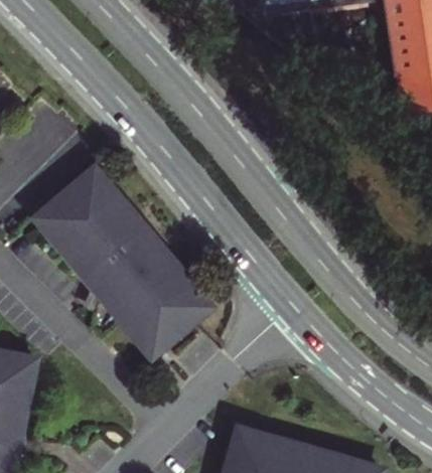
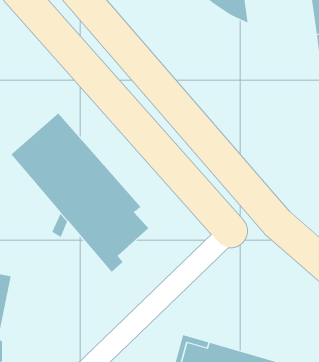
building: [162,277,212,341] -> none

